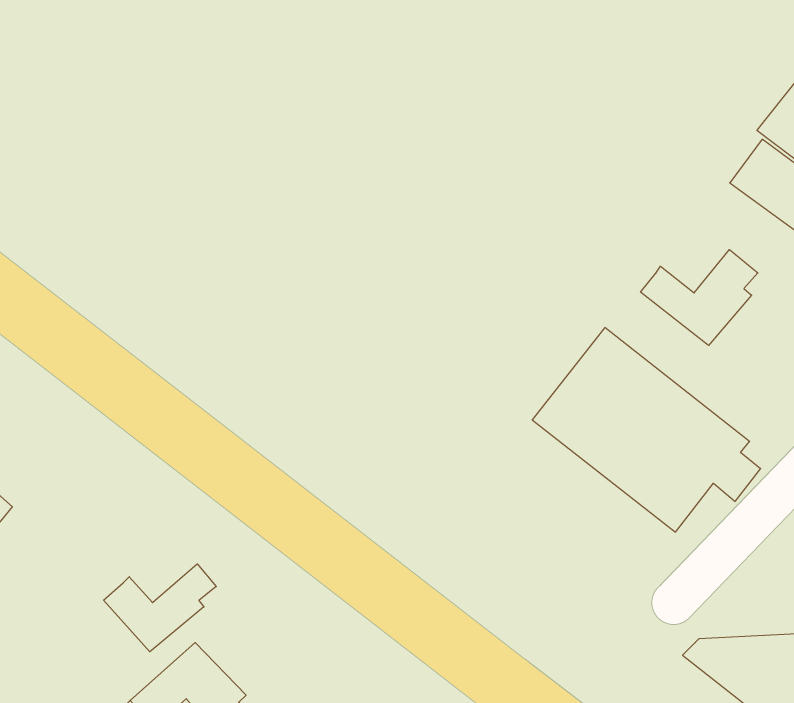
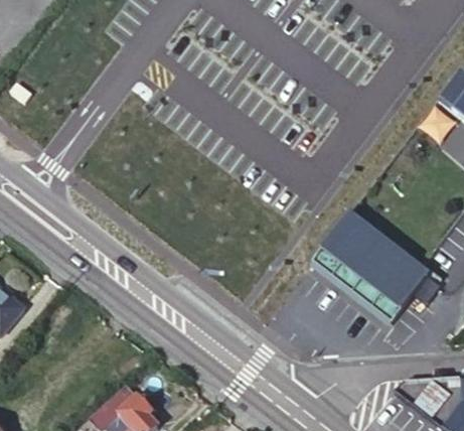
building: [641,250,758,345] -> none
building: [104,564,216,652] -> none

